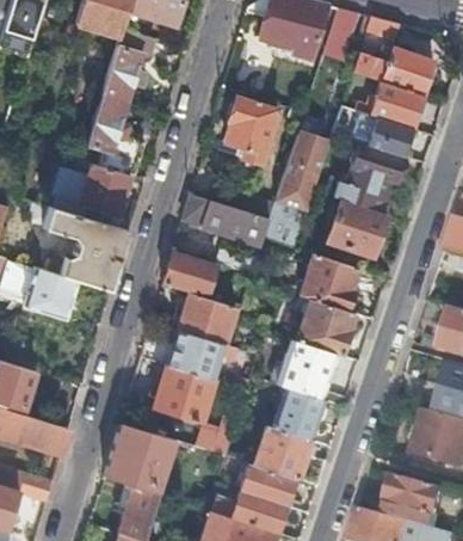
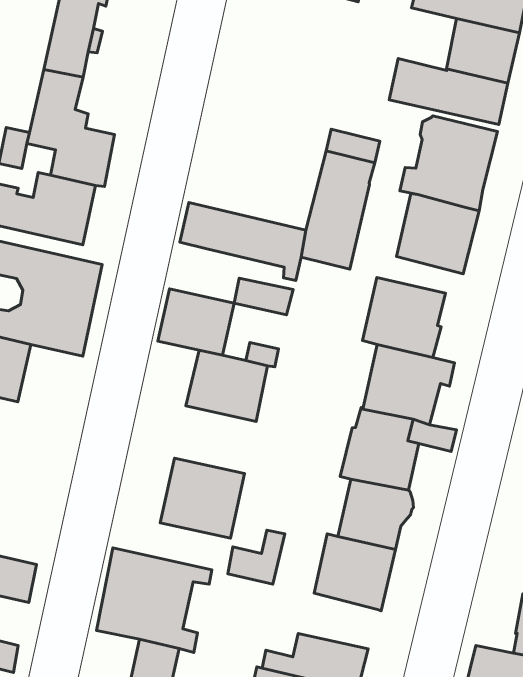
building: [215,97,277,165] -> none
building: [167,330,235,379] -> none
building: [237,462,296,504] -> none

